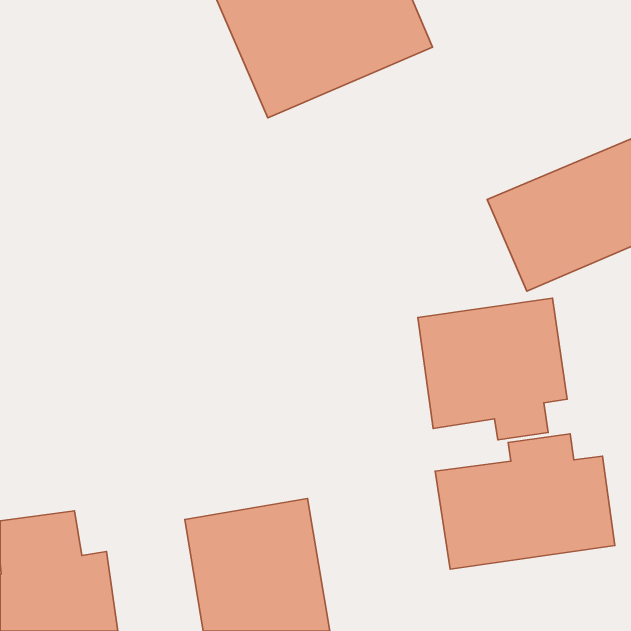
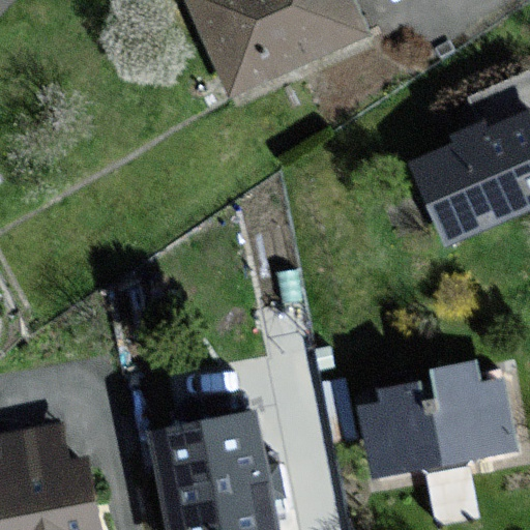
building: [418,298,567,440] -> none

